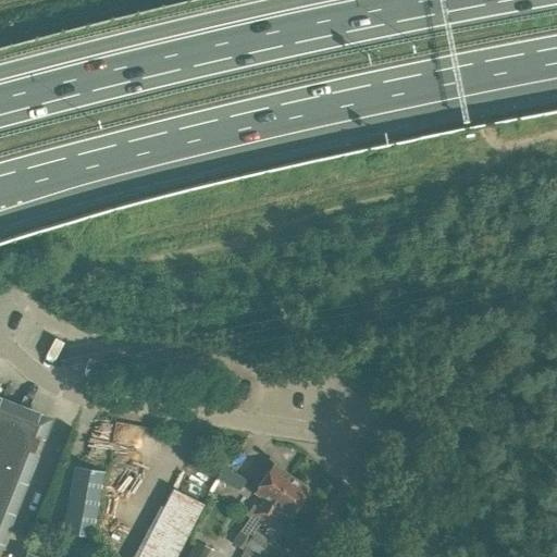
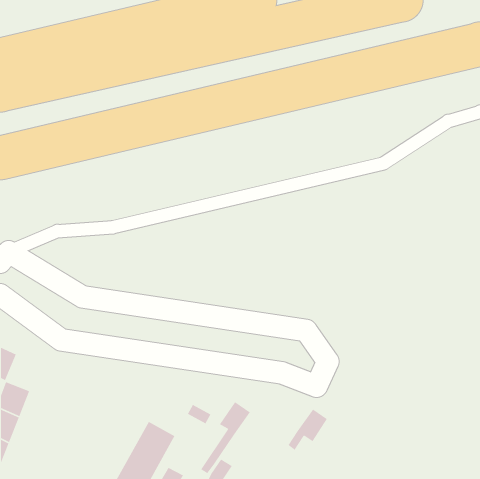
building: [7,411,48,454] -> none
building: [63,468,103,539] -> none
building: [261,479,308,528] -> [287,408,328,451]

